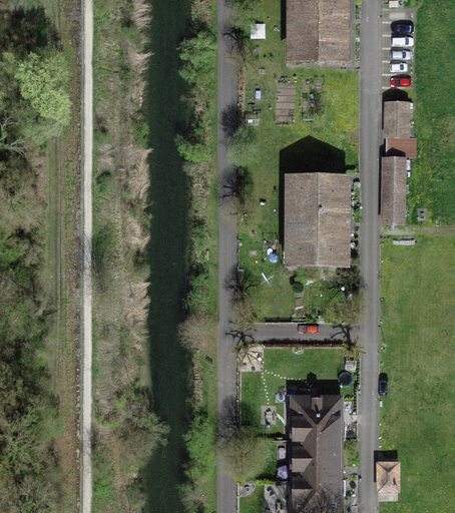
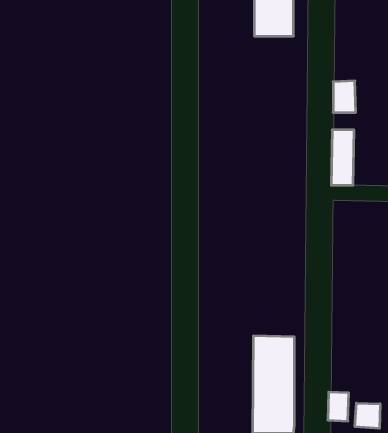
building: [293,178,340,260] -> none
building: none -> [355,403,380,428]

